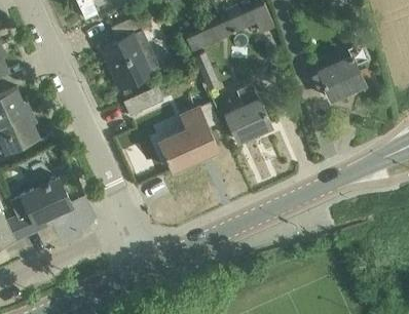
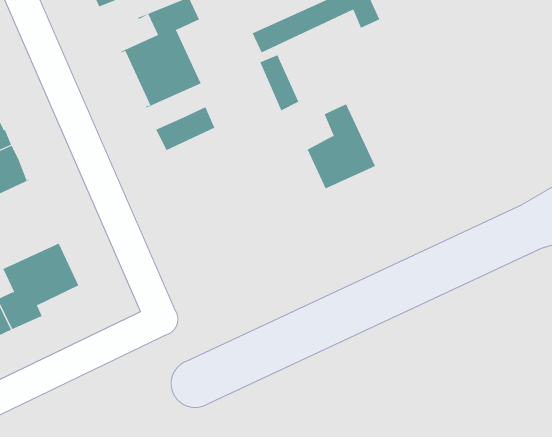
building: [311,42,369,100] -> none
building: [158,103,218,170] -> none

